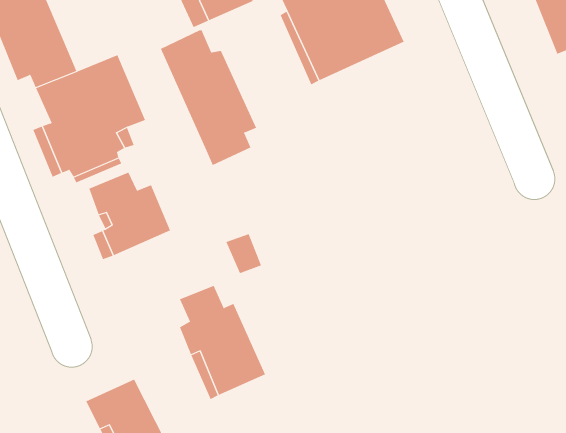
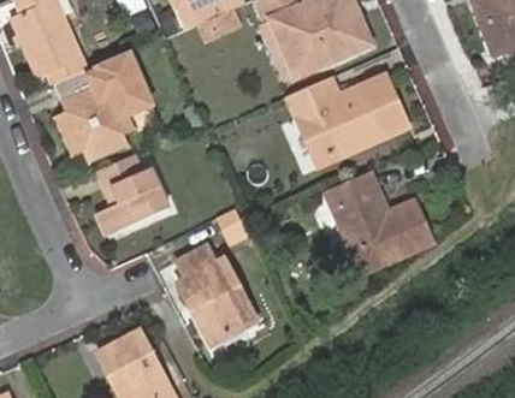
building: [160,29,257,166] -> none
building: none -> [290,78,406,161]
building: none -> [327,172,434,267]

